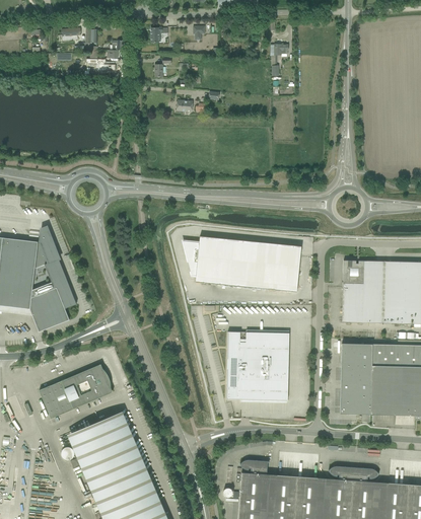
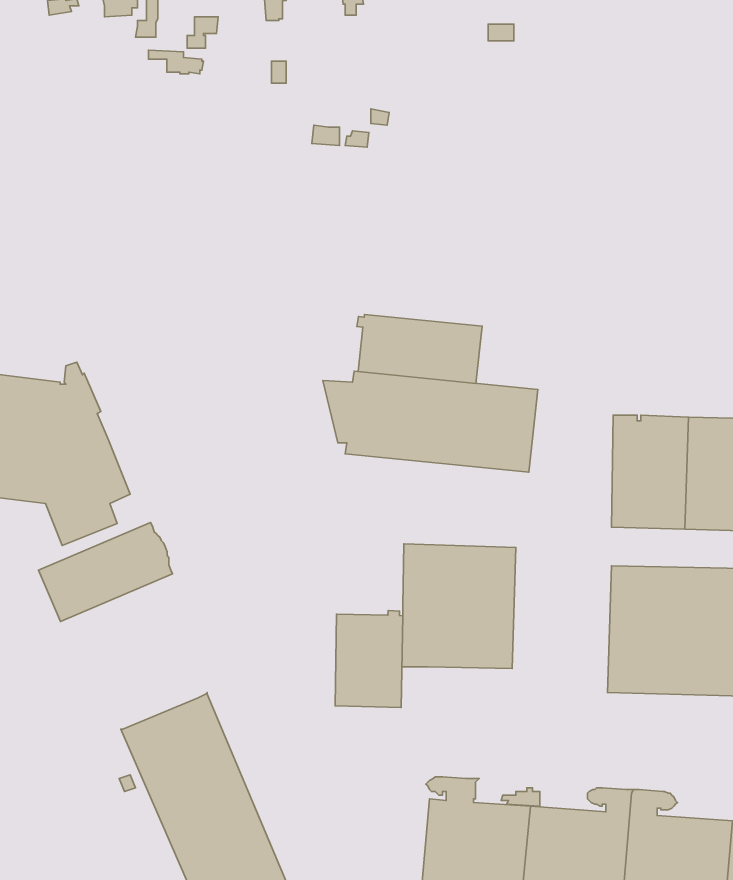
building: none -> [357,314,482,383]
building: [39,364,113,419] -> [39,523,173,622]
building: none -> [335,611,403,708]

